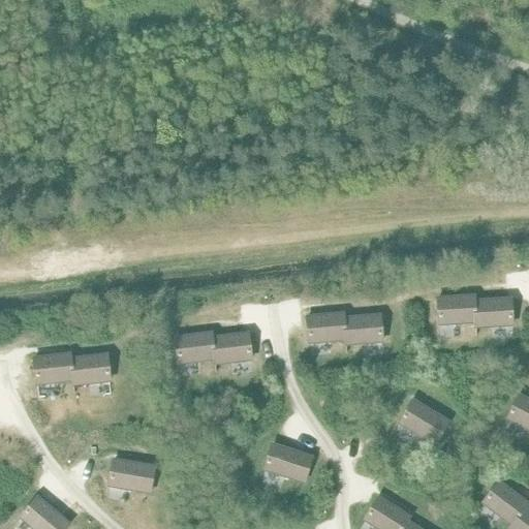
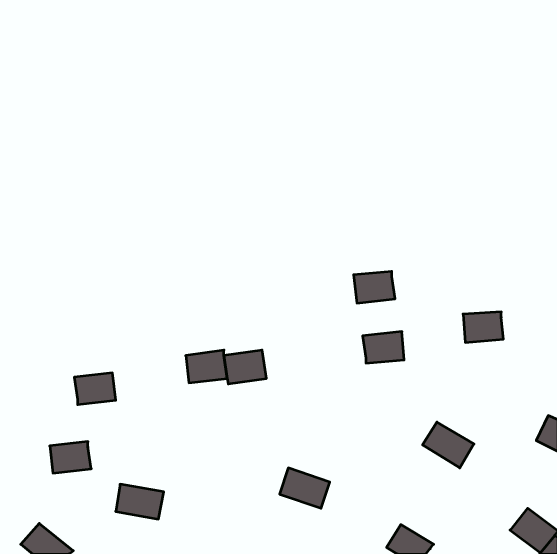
building: [475,298,514,326] -> none
building: [308,313,347,343] -> [354,271,395,303]
building: [35,352,74,382] -> [50,442,91,473]

